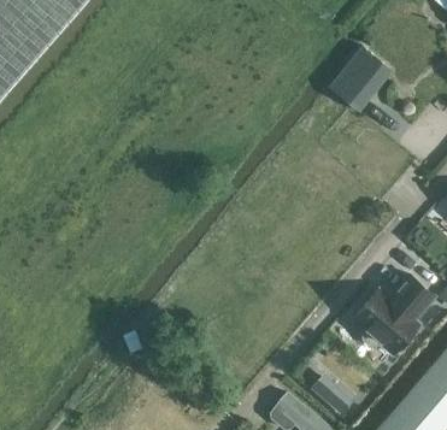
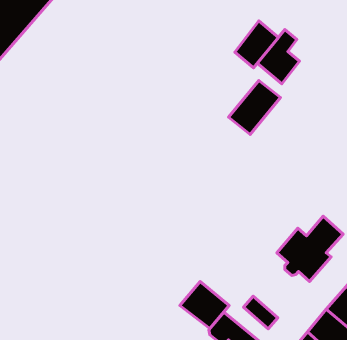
building: none -> [235,21,278,68]
building: none -> [229,80,281,134]
building: none -> [180,281,229,328]

